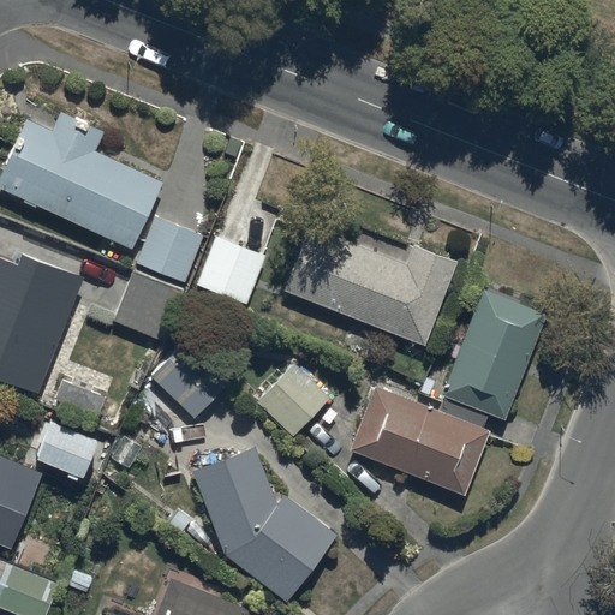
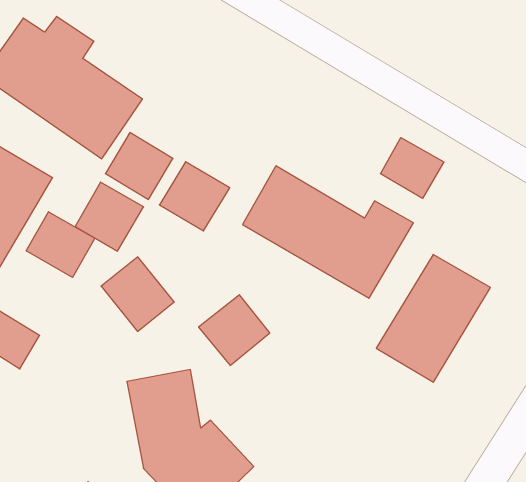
building: none -> [380,138,444,198]
building: none -> [26,212,95,277]
building: [350,387,488,495] -> none

